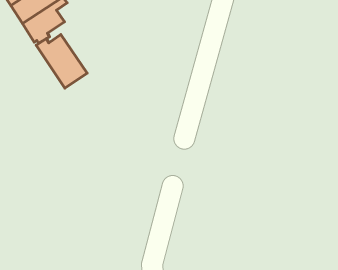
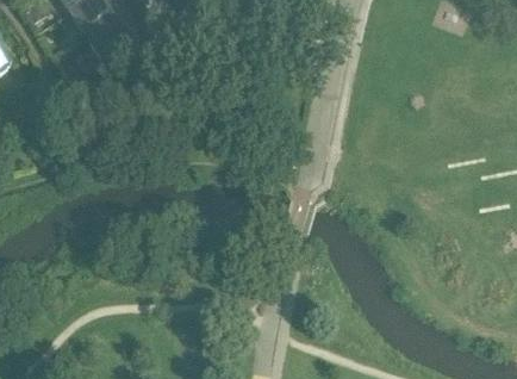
building: [36,34,87,88] -> none

